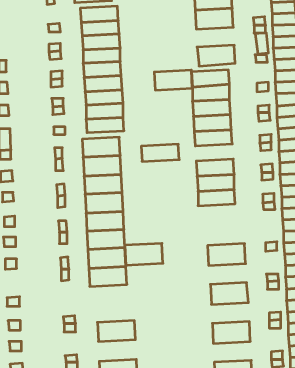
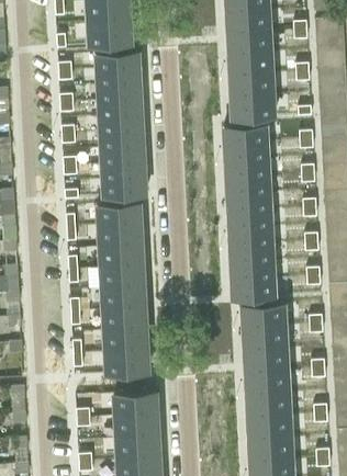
building: [154,70,192,90] -> [230,73,273,97]
building: [141,144,179,161] -> [228,208,272,228]
building: none -> [232,277,276,297]
building: none -> [242,302,286,326]
building: [125,243,163,265] -> [114,389,158,415]
building: none -> [244,347,288,371]
building: none -> [247,392,291,416]
building: none -> [116,434,160,460]
building: none -> [249,437,293,461]

